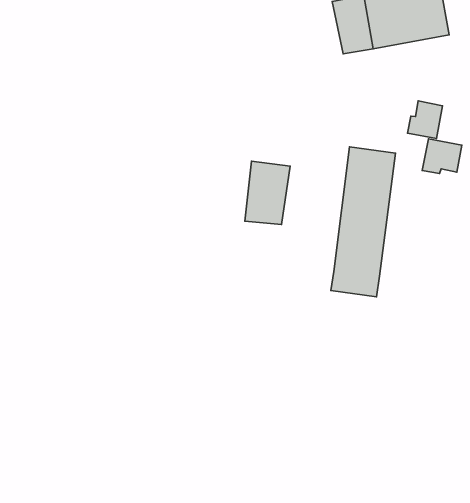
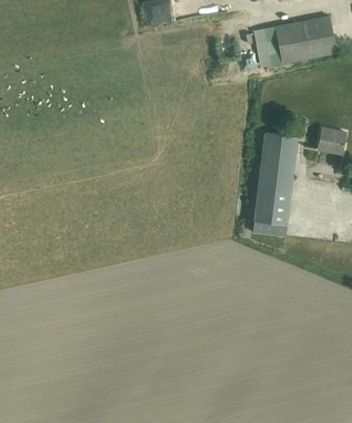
building: [407,101,443,139] -> none
building: [245,161,290,225] -> none

